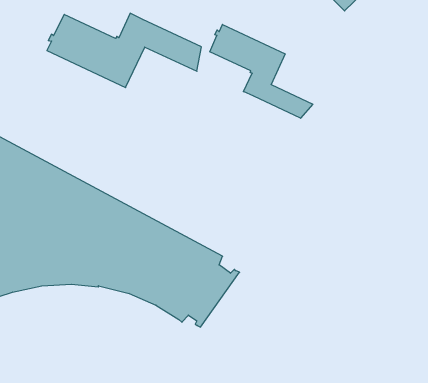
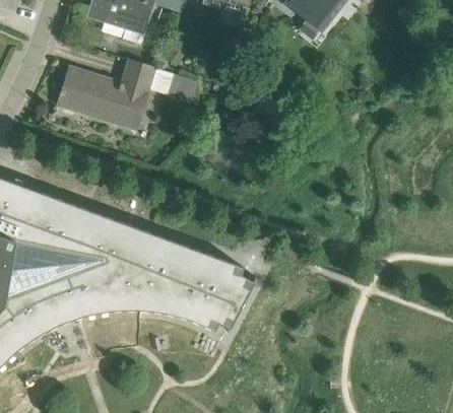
building: [210,24,313,118] -> none

